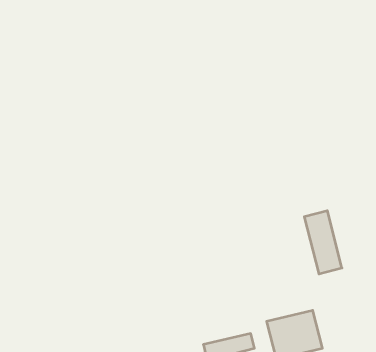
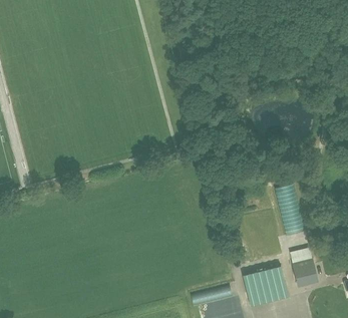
building: none -> [292,257,316,282]

